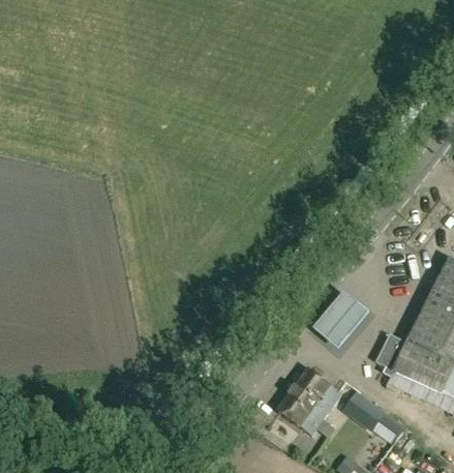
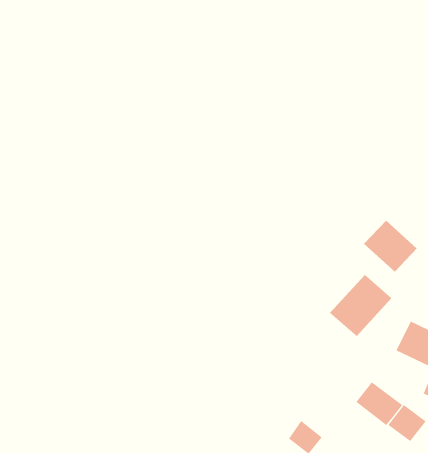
building: none -> [363,220,418,273]
building: [276,366,340,436] -> none

